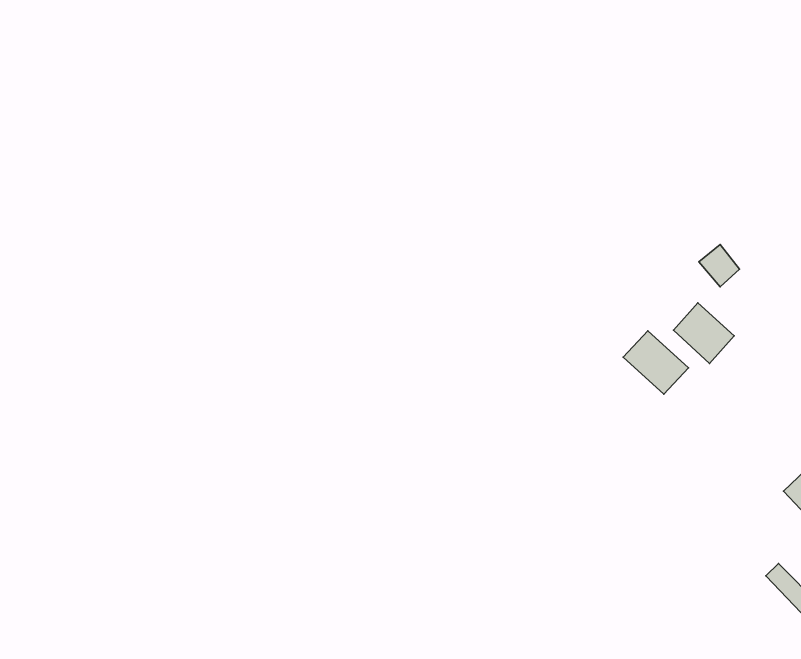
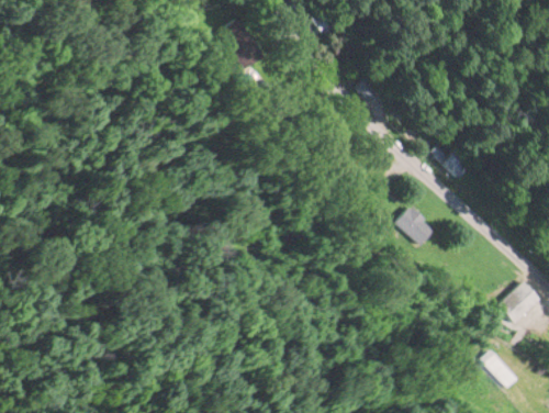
building: [673,303,734,363] -> none

